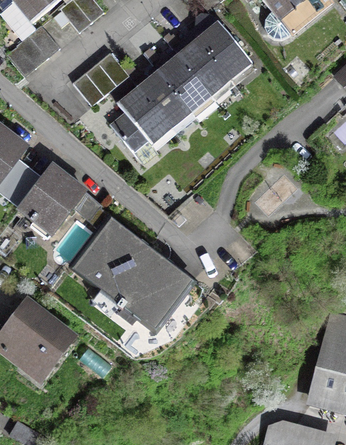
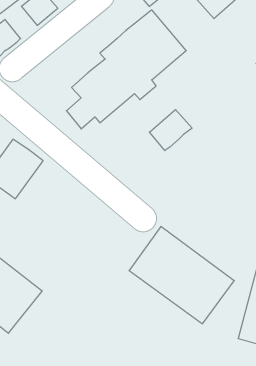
building: [72,52,128,105] -> none
building: none -> [149,110,192,151]
building: [78,221,200,334] -> [129,226,234,324]

